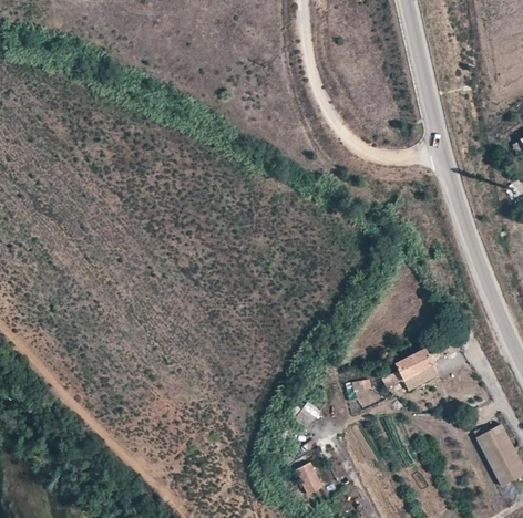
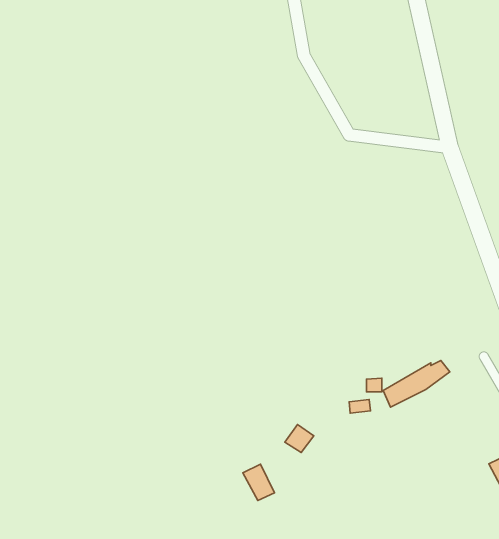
building: [295,463,322,495] -> [243,464,274,501]

